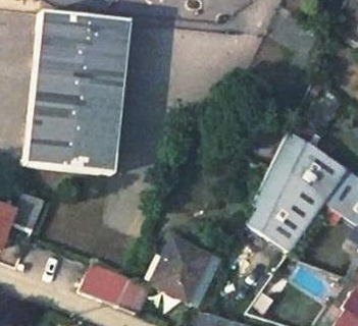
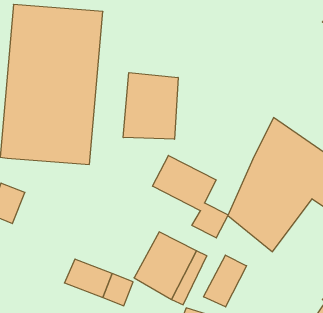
building: none -> [123,73,178,139]
building: none -> [153,155,228,238]
building: none -> [204,255,247,307]

